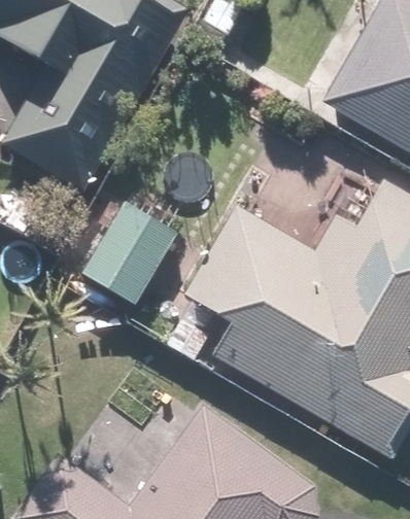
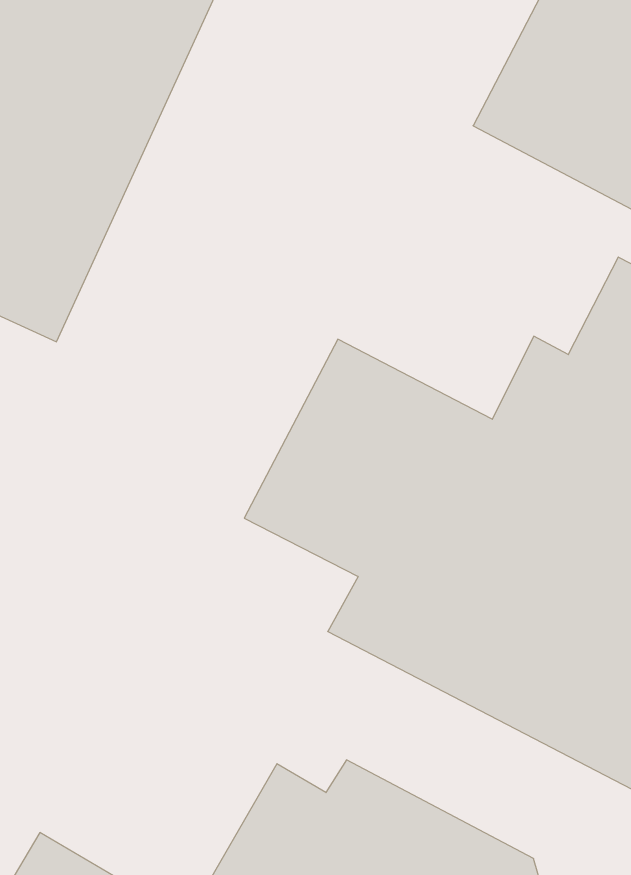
building: [77,201,178,309] -> none

